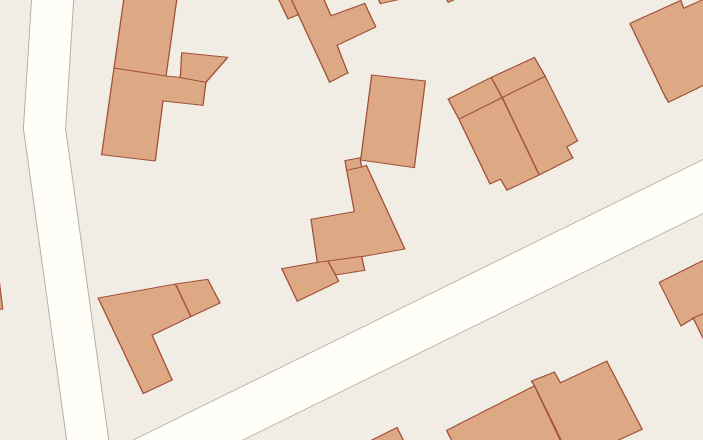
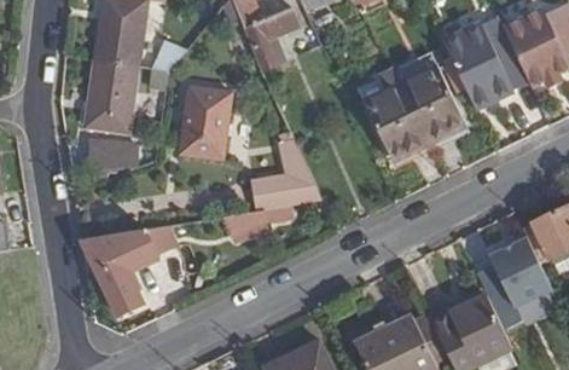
building: none -> [441,13,528,110]
building: [361,75,425,168] -> [181,87,232,160]
building: none -> [88,140,137,168]
building: none -> [478,232,548,312]

